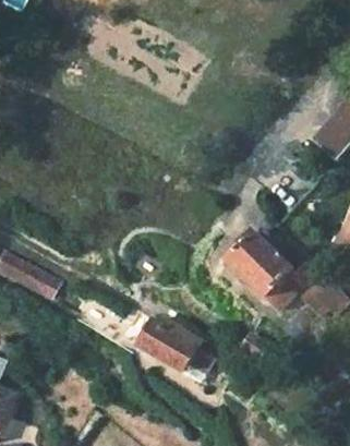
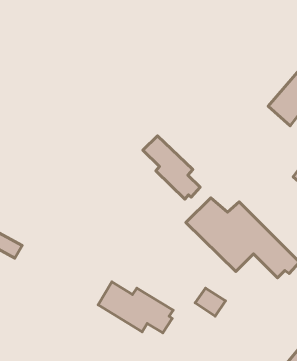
building: none -> [143,136,200,199]

